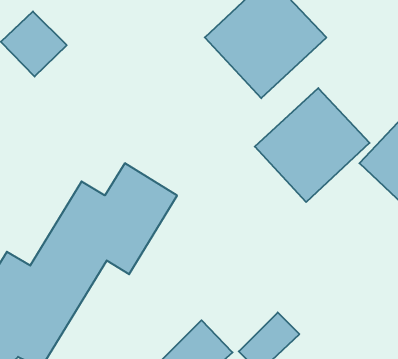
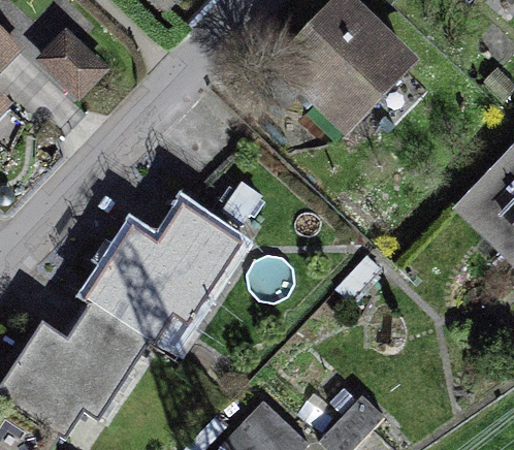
building: [255,88,370,202] -> none

